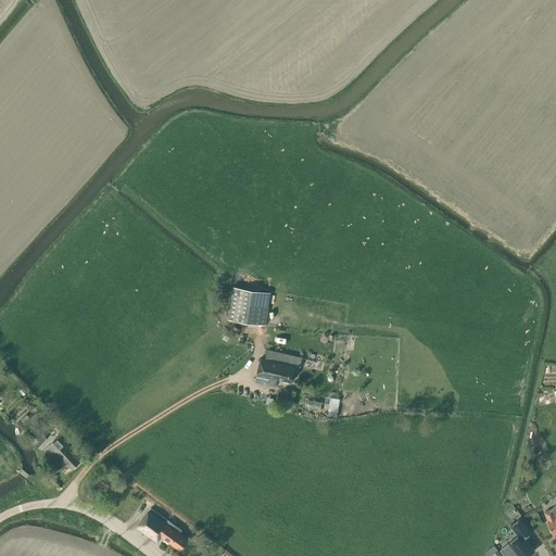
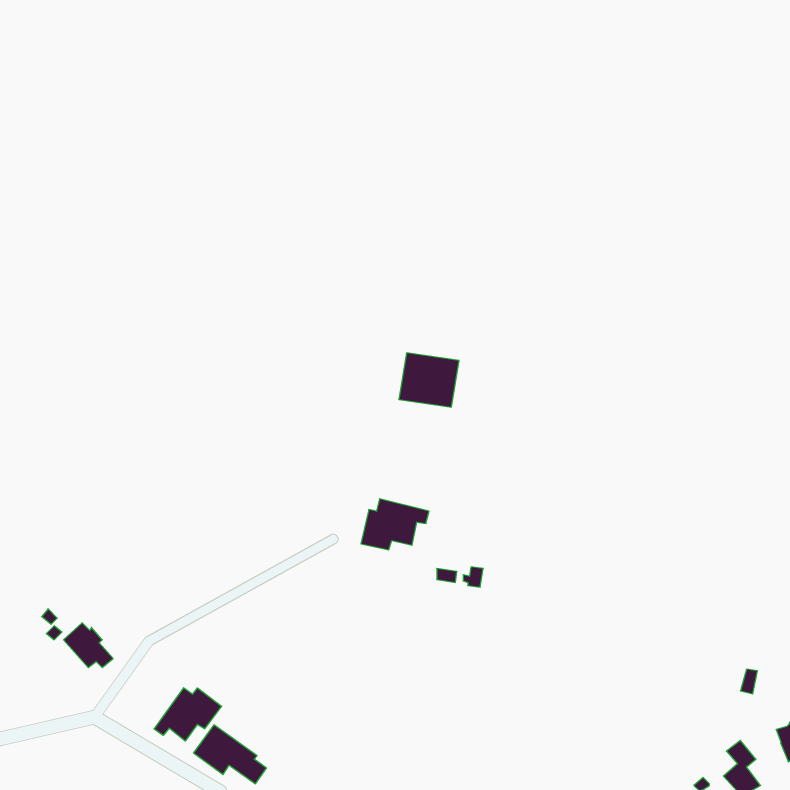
building: [229,288,271,326] -> [399,353,459,407]
building: none -> [154,688,222,741]

